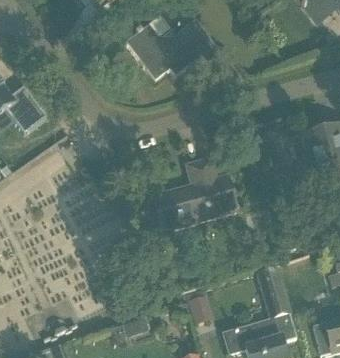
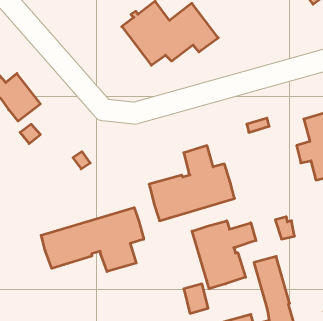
building: none -> [41,208,144,272]
building: none -> [192,221,256,289]

